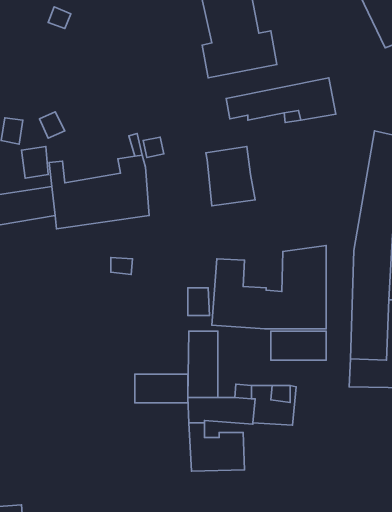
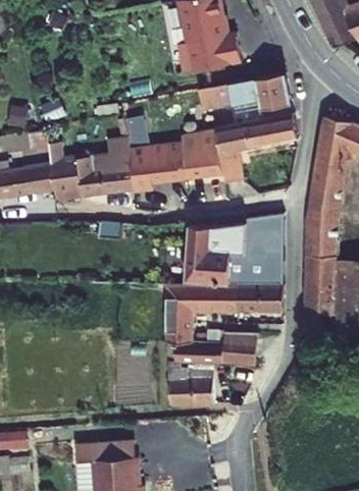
building: none -> [214,113,298,183]
building: none -> [130,142,186,194]
building: [135,374,188,403] -> [191,286,236,311]

